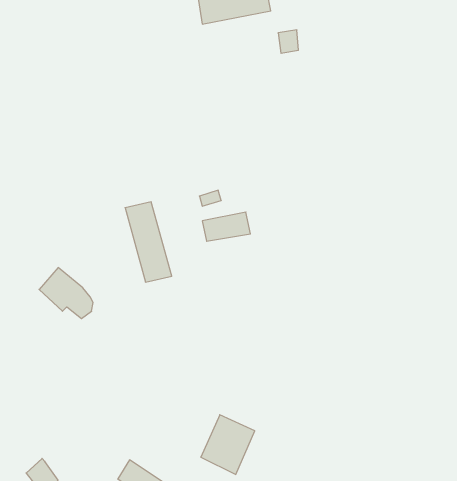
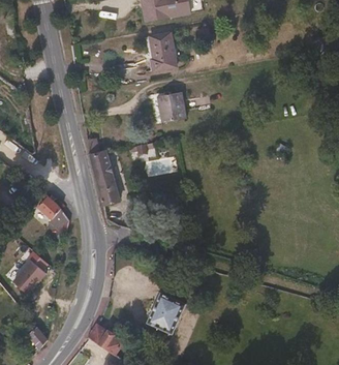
building: none -> [149,28,182,70]
building: none -> [159,89,188,120]
building: none -> [13,257,51,294]

